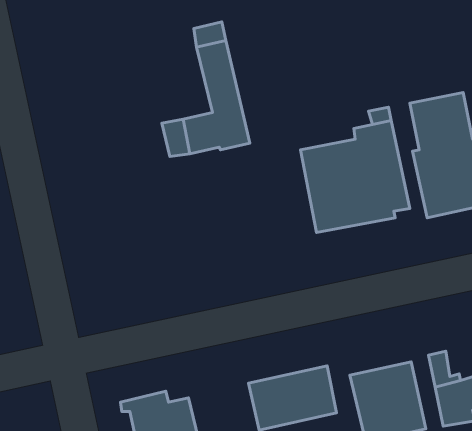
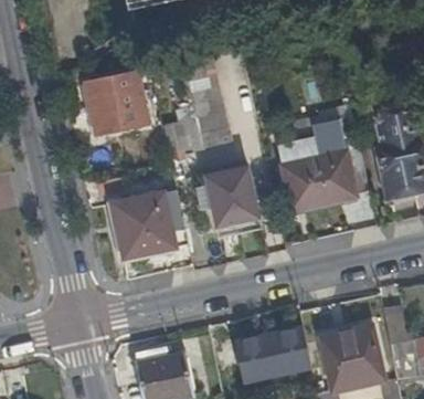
building: none -> [83,73,147,136]
building: none -> [204,167,257,239]
building: none -> [112,191,188,261]

